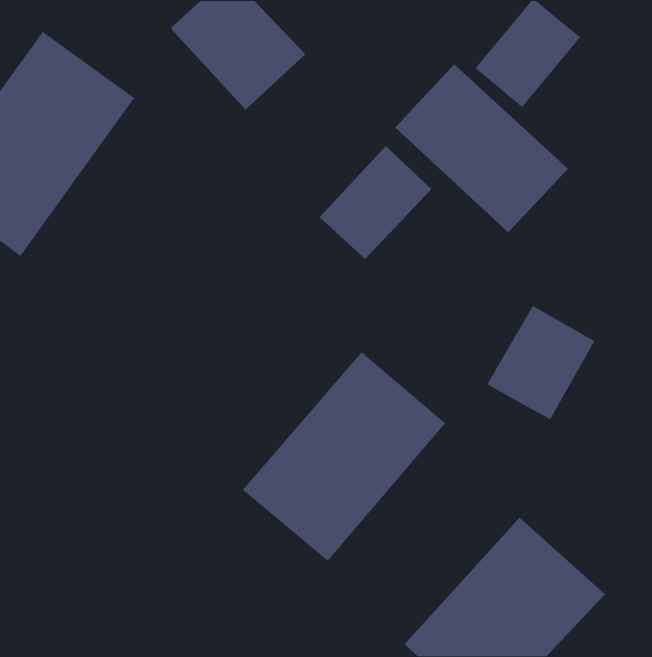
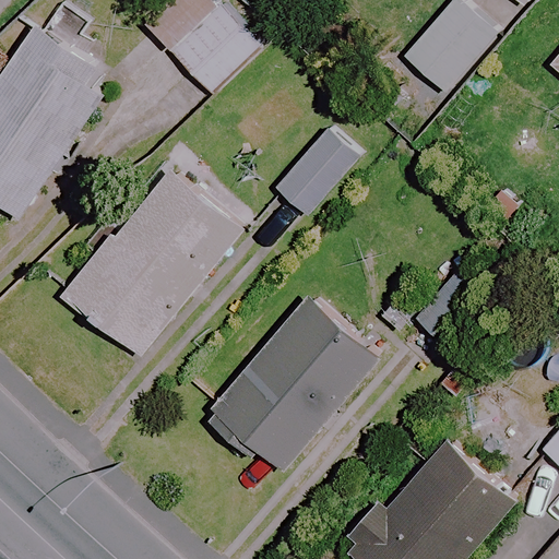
building: [394,63,569,233] -> none
building: none -> [64,167,243,355]

